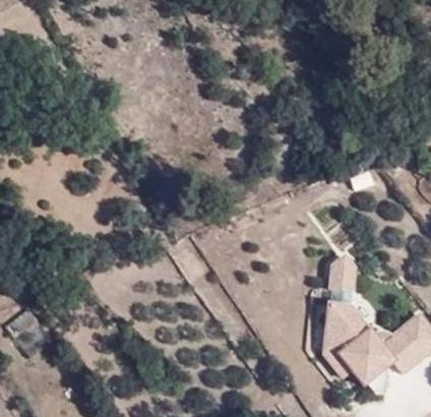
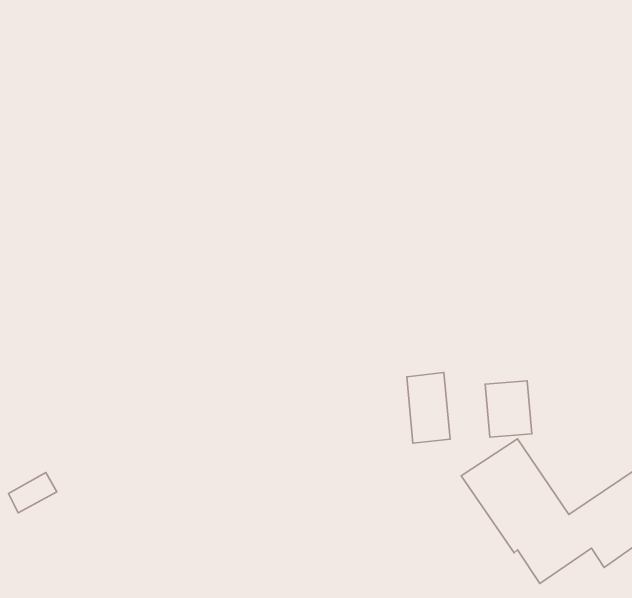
building: none -> [407,373,450,443]

